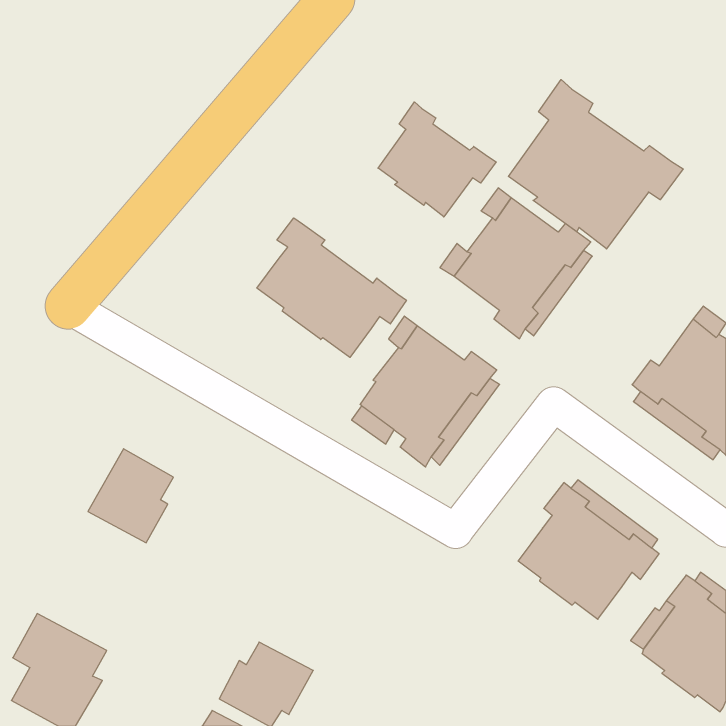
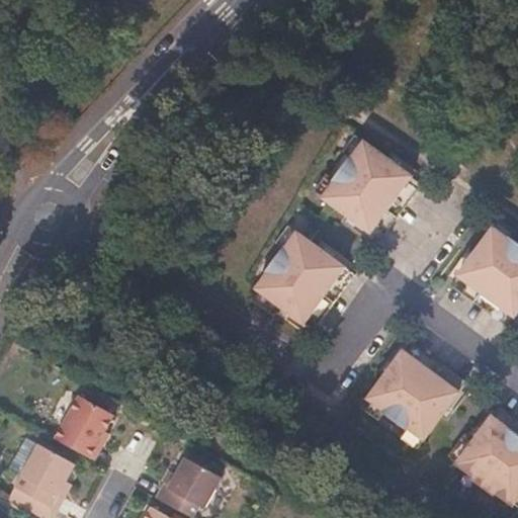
building: [508,80,683,249] -> none
building: [378,102,496,217] -> none
building: [257,218,406,357] -> none
building: [88,449,173,543] -> [54,394,114,460]

